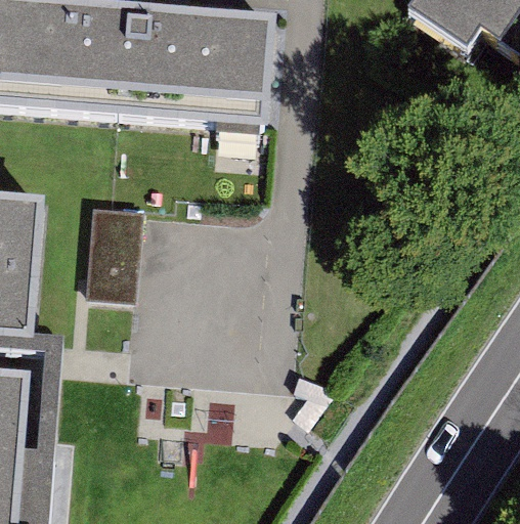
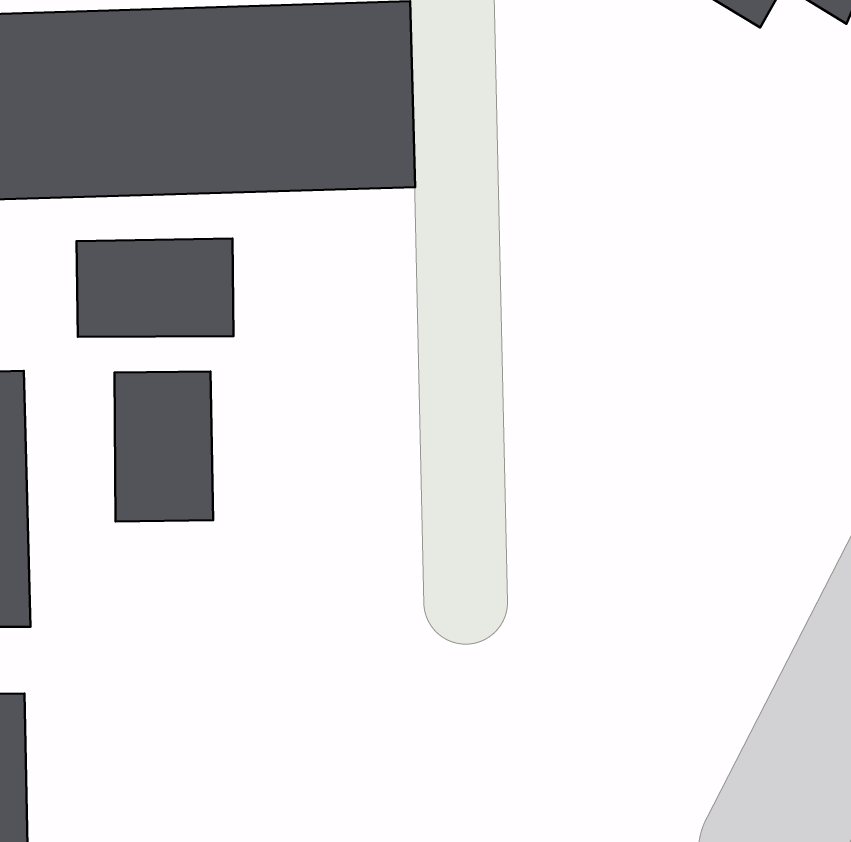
building: none -> [77,239,234,337]

